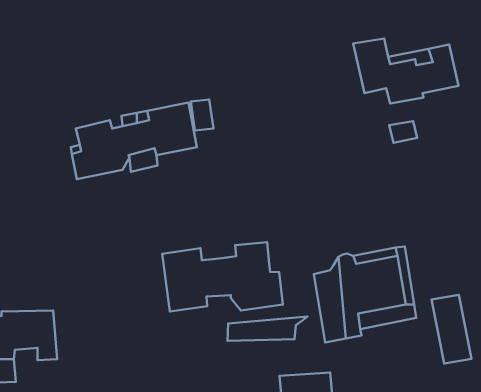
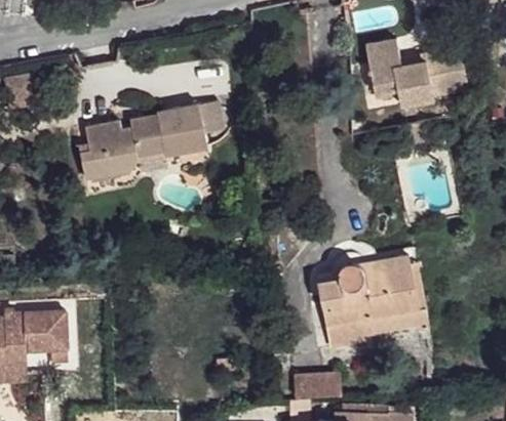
building: [162,242,283,311] -> none
building: [432,295,471,364] -> none
building: [227,316,307,341] -> none

